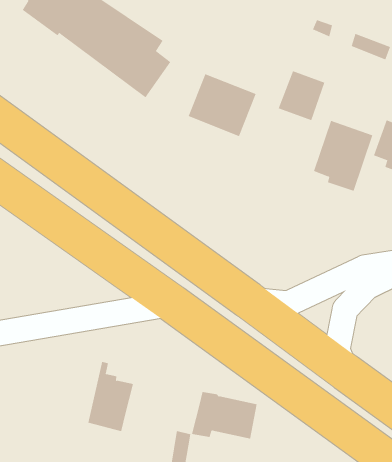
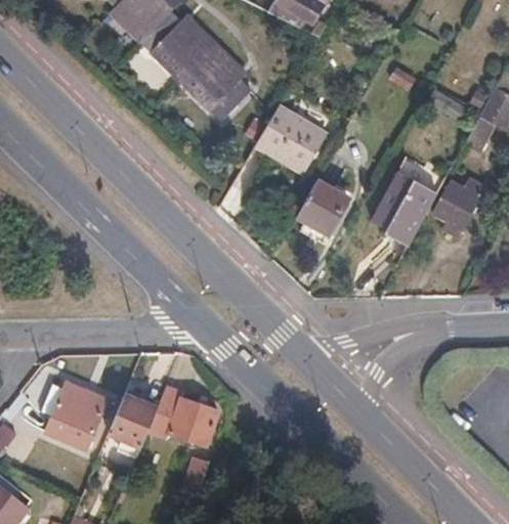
building: [278,70,325,121] -> [298,180,349,233]
building: none -> [46,381,108,449]
building: [191,391,257,439] -> [147,391,218,446]

